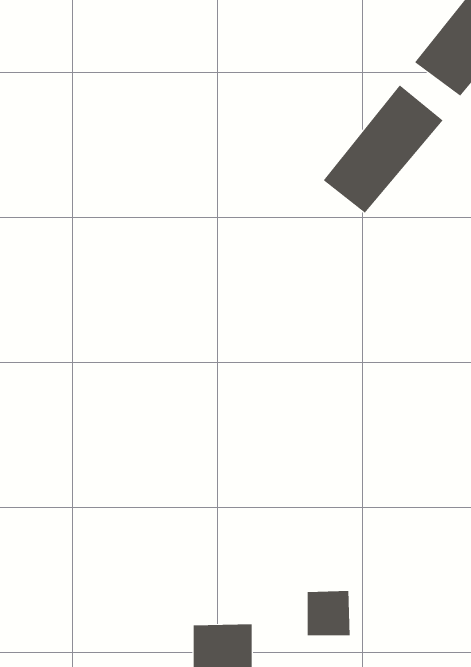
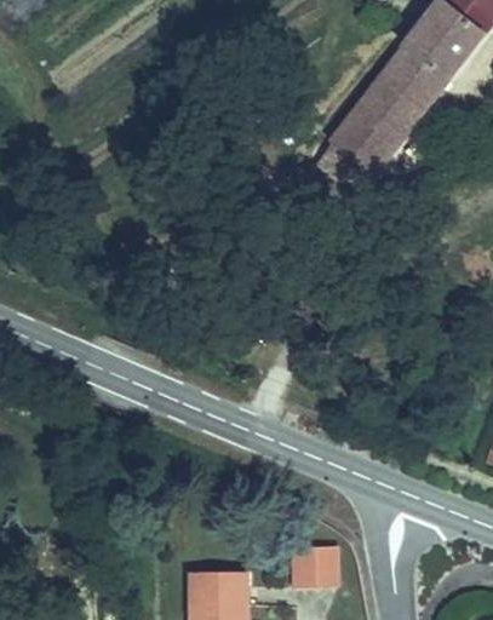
building: none -> [380,61,436,114]

